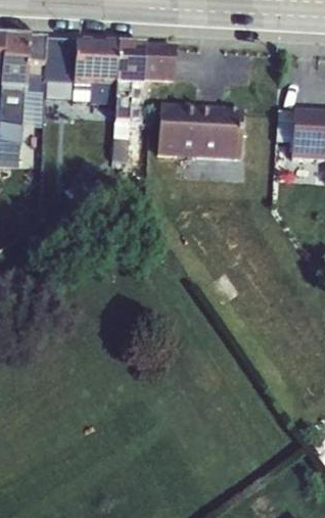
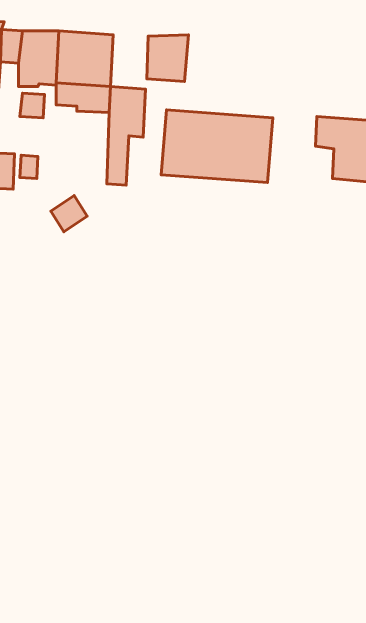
building: [117,43,146,86] -> none

